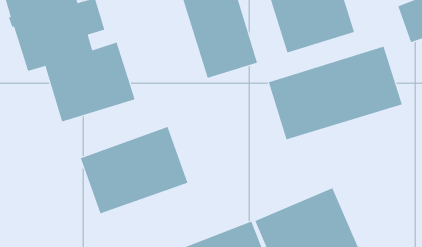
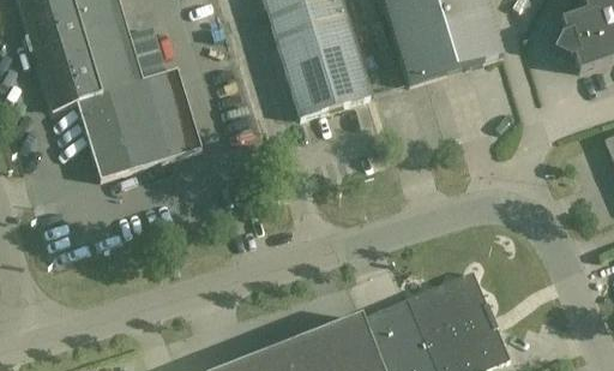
building: [268,46,402,140] -> none
building: [80,126,188,214] -> none

